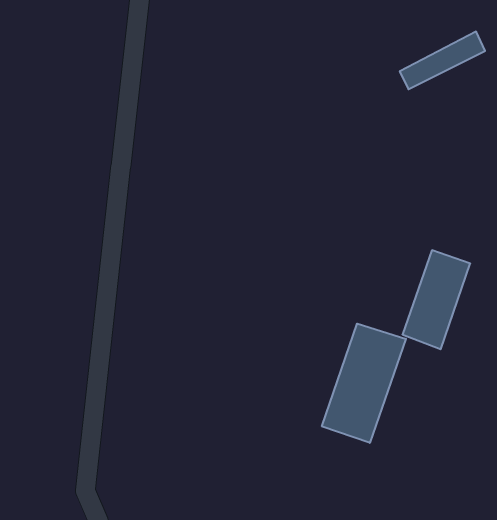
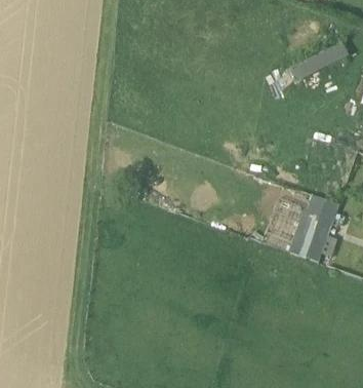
building: [322,324,406,443] -> none

